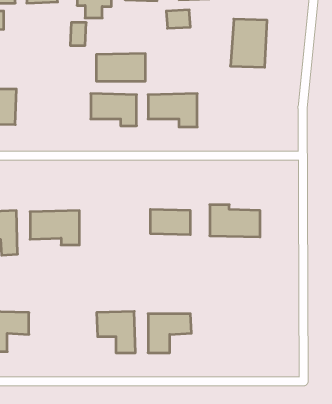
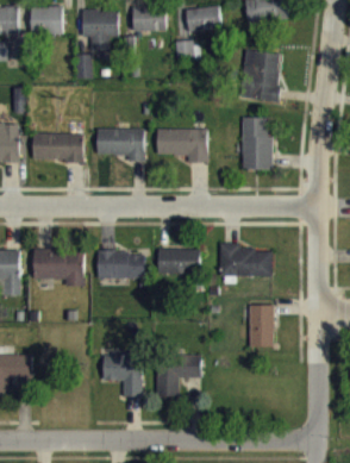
building: [96,54,145,81] -> [32,131,83,159]
building: none -> [242,117,273,169]
building: none -> [98,251,145,277]
building: none -> [249,304,274,346]

